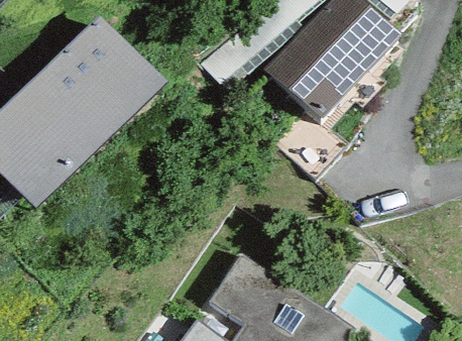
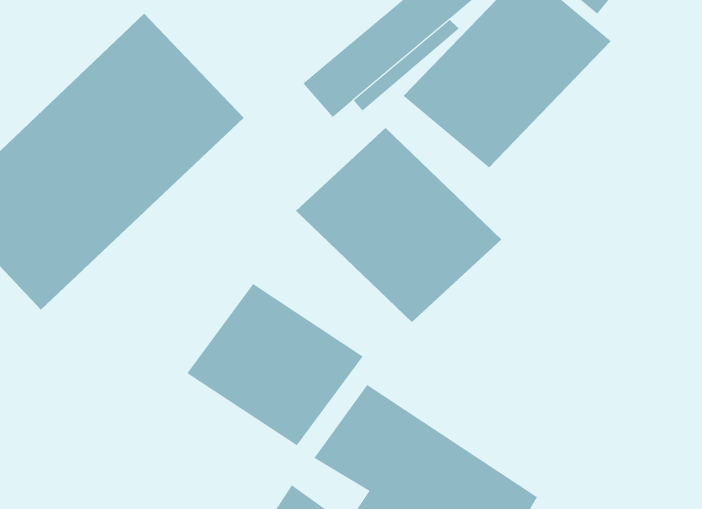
building: none -> [295,127,502,323]
building: none -> [187,283,364,446]

